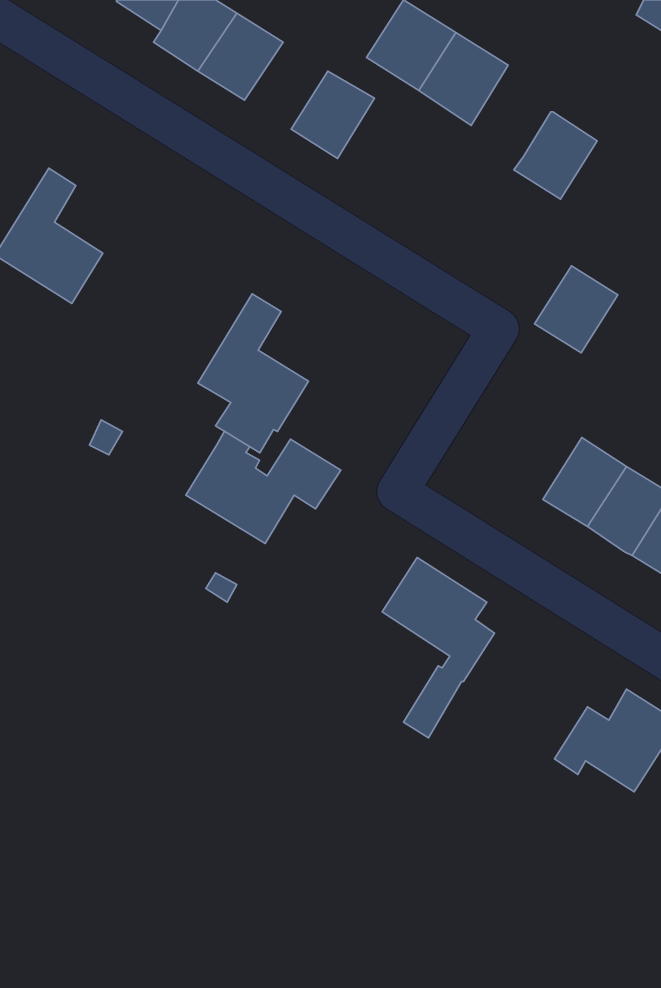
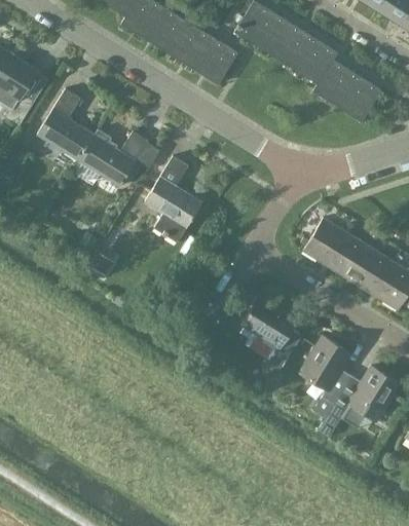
building: none -> [169,23,213,69]
building: none -> [289,35,336,83]
building: [535,266,618,353] -> [336,75,380,121]
building: none -> [303,218,347,265]
building: [186,431,341,544] -> [77,127,159,187]
building: none -> [299,336,350,416]

